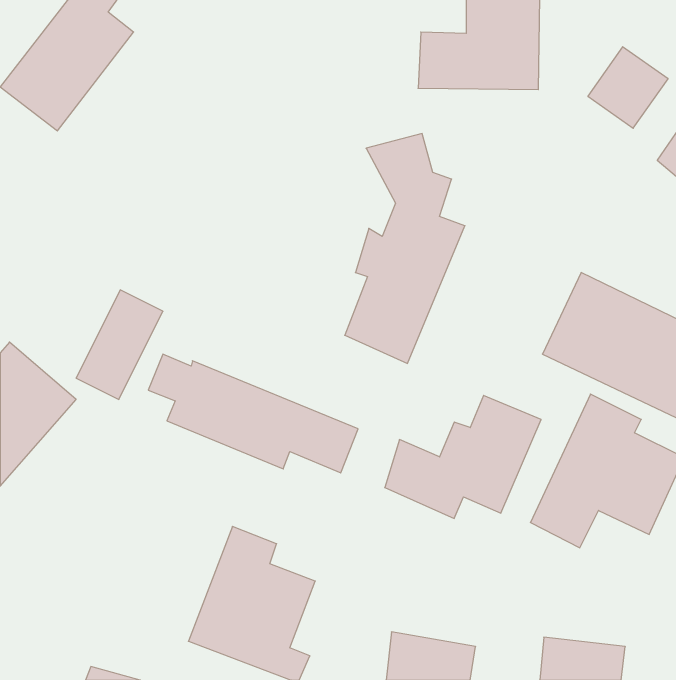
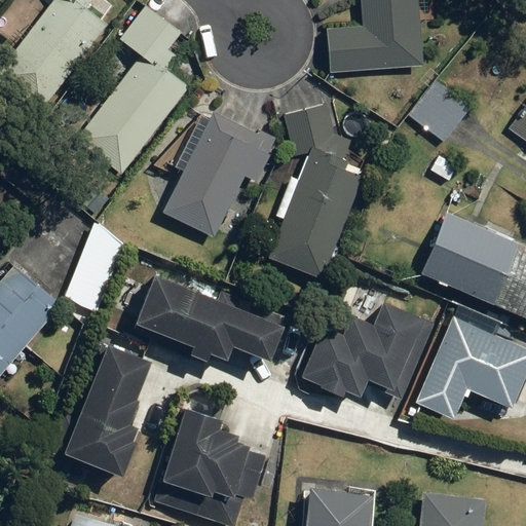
building: none -> [81,6,189,167]
building: [588,47,668,128] -> [412,79,474,142]
building: none -> [165,113,271,236]
building: none -> [50,337,147,477]

